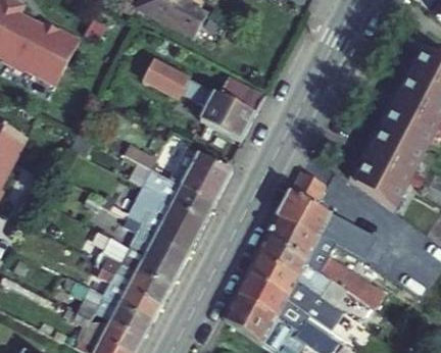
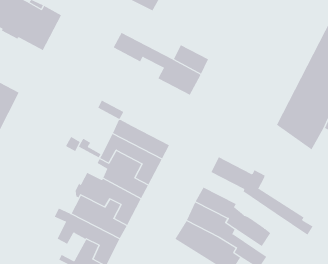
building: [167,145,232,202] -> none
building: [276,170,374,259] -> none
building: [256,236,347,306] -> none

